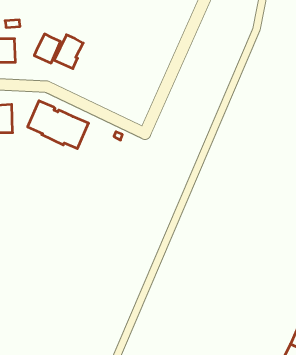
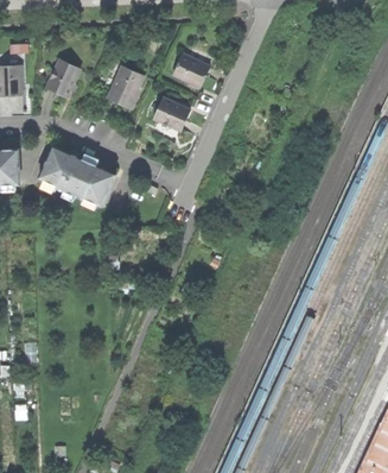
building: none -> [171,52,211,88]
building: [54,35,83,69] -> [108,65,145,108]
building: none -> [154,97,191,131]

